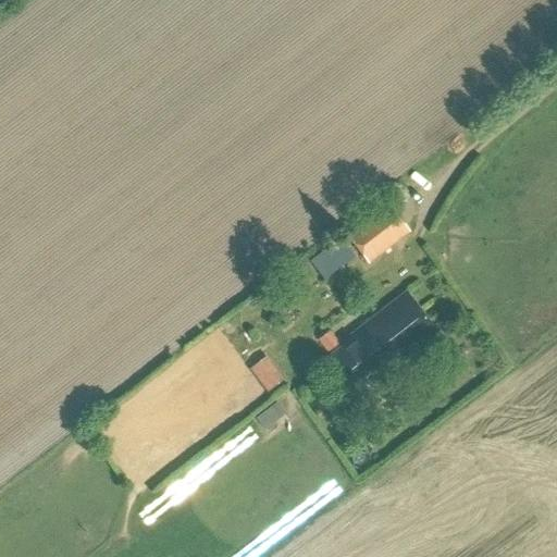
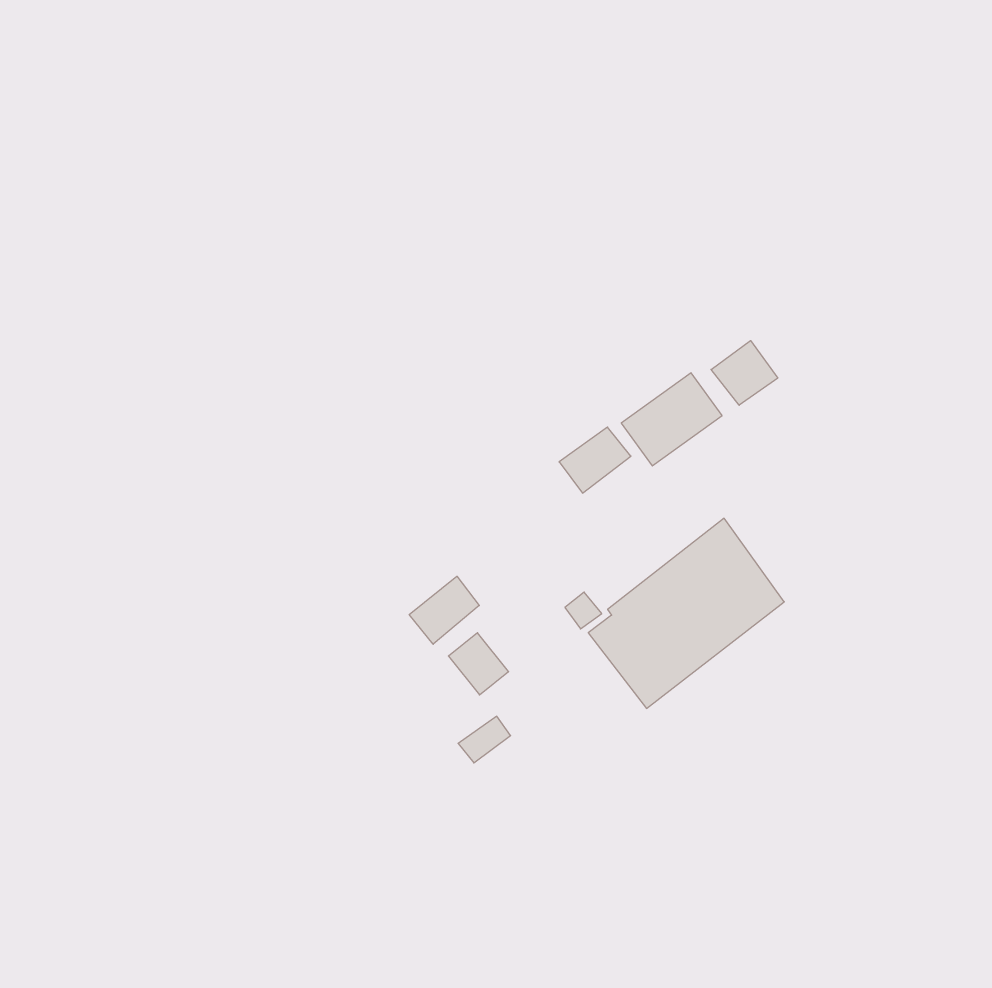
building: none -> [711,341,778,405]
building: none -> [409,576,479,644]

